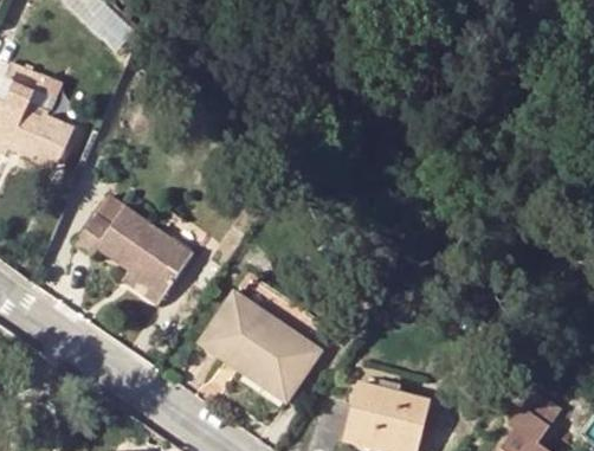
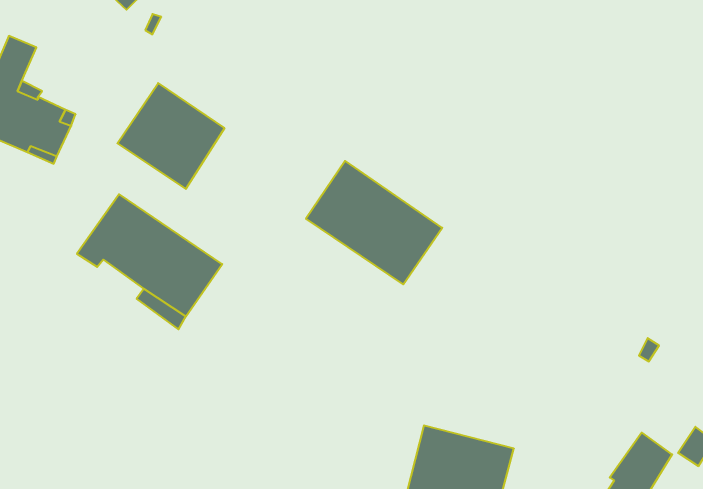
building: none -> [117,83,224,189]
building: [204,295,315,395] -> [306,161,442,284]

